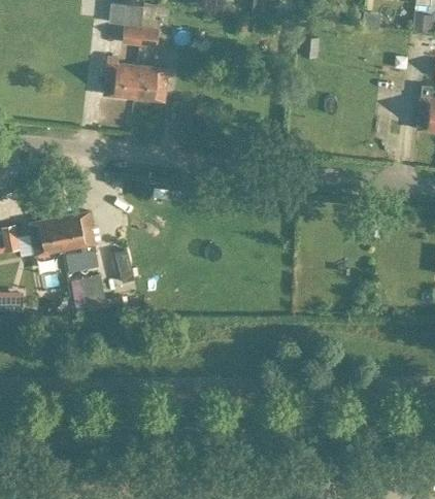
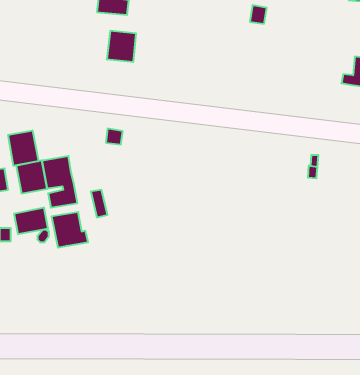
building: [104,58,138,100] -> none
building: none -> [8,130,38,166]
building: none -> [14,207,48,234]

